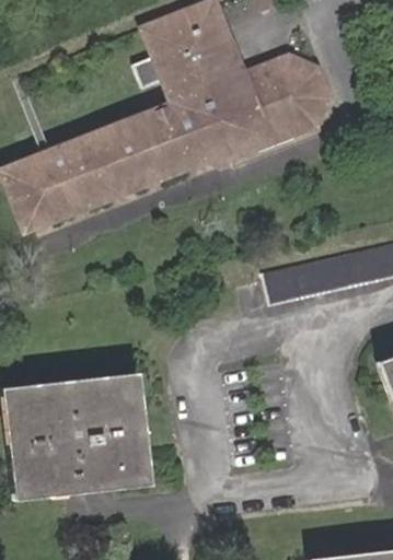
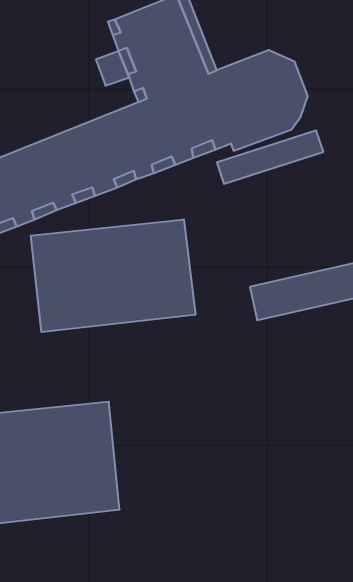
building: none -> [31,219,195,332]

